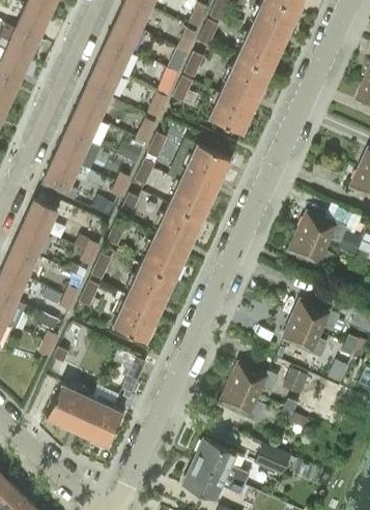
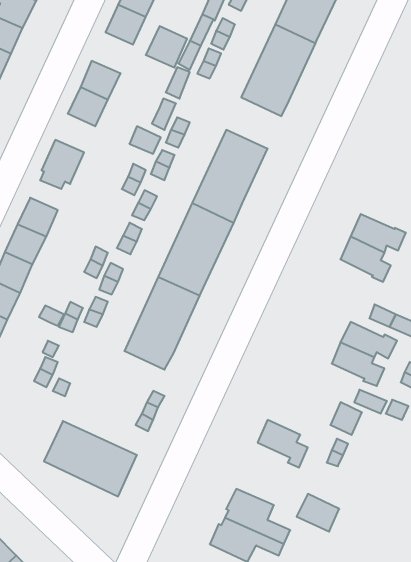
building: [86,63,120,97] -> [146,26,187,68]
building: [56,130,89,162] -> none
building: [231,365,278,395] -> none

